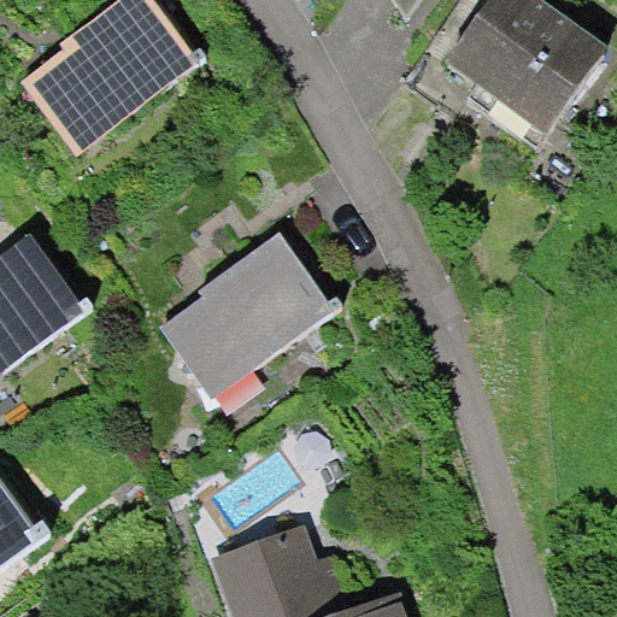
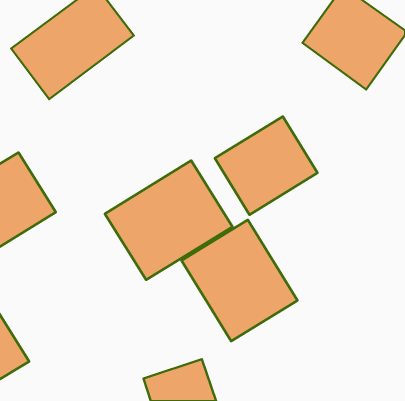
building: none -> [215,116,317,215]
building: none -> [182,220,297,341]

